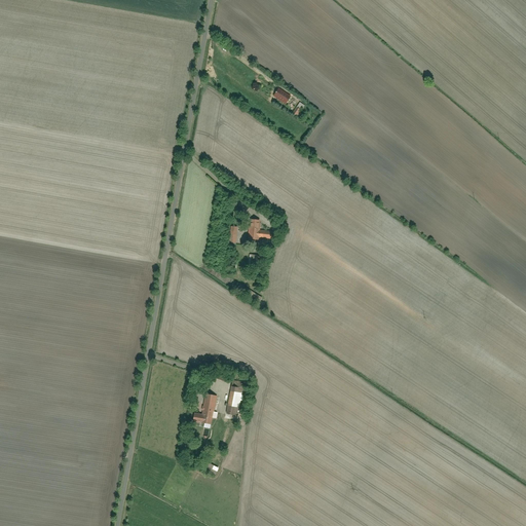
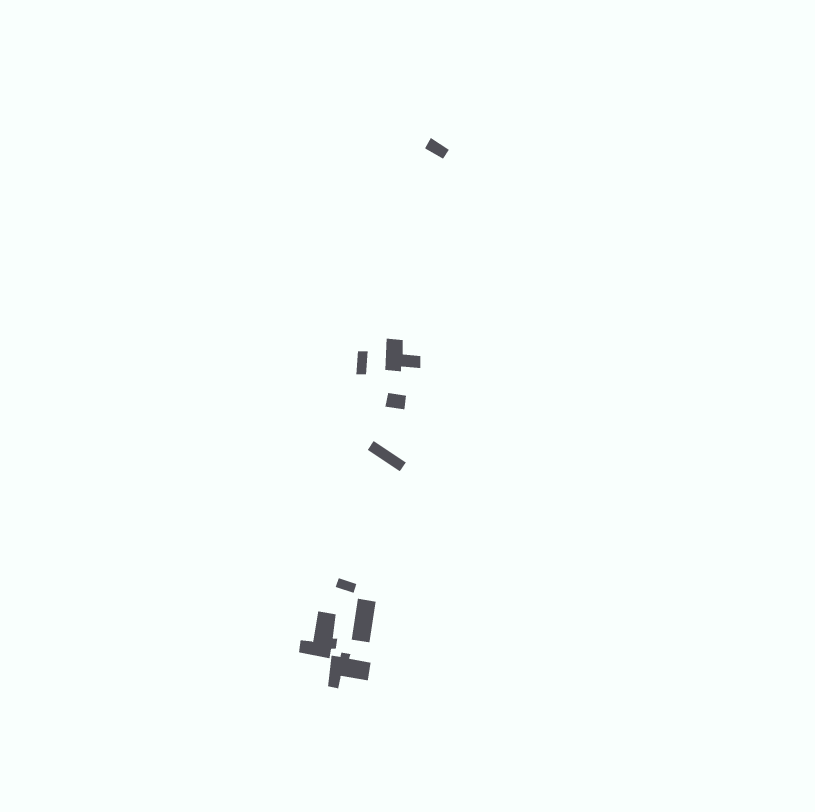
building: none -> [327,652,371,689]

